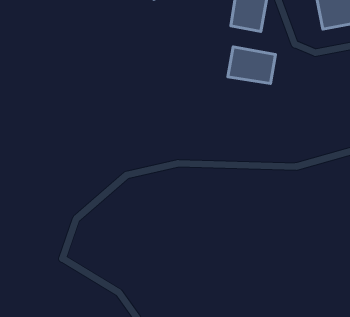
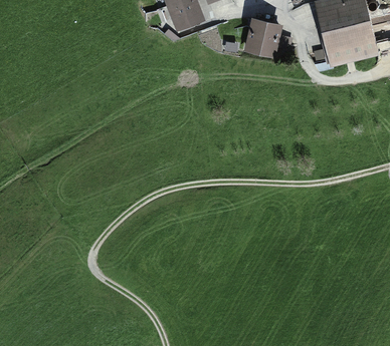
building: [228,47,275,84] -> none

